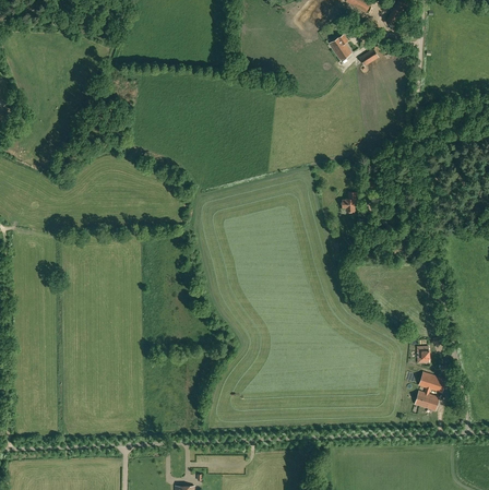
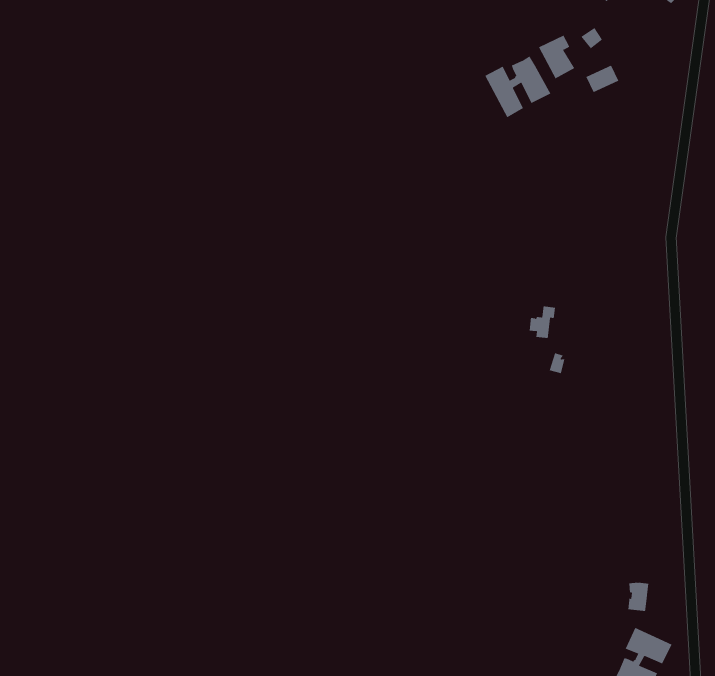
building: none -> [485,55,551,118]

